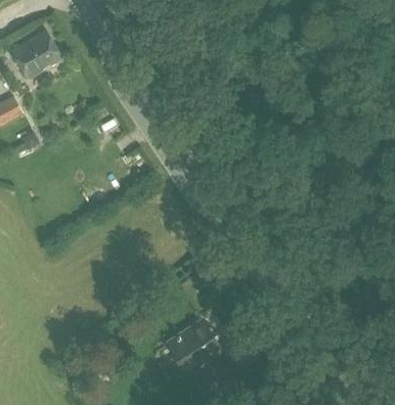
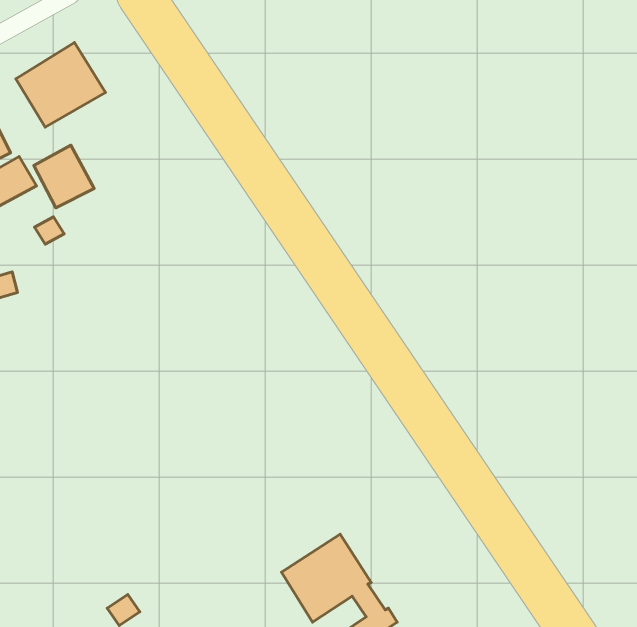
building: none -> [34,145,94,208]

